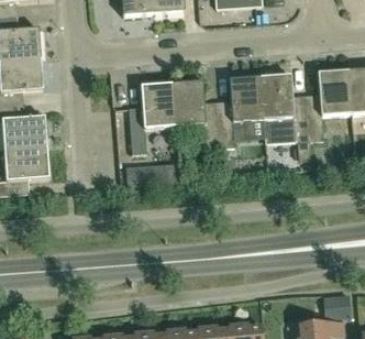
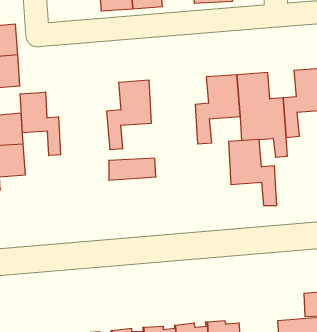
building: [172,81,220,147] -> [229,139,277,205]
building: none -> [20,92,61,156]

